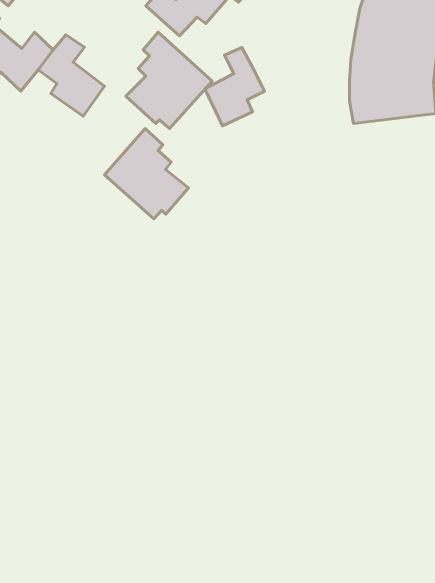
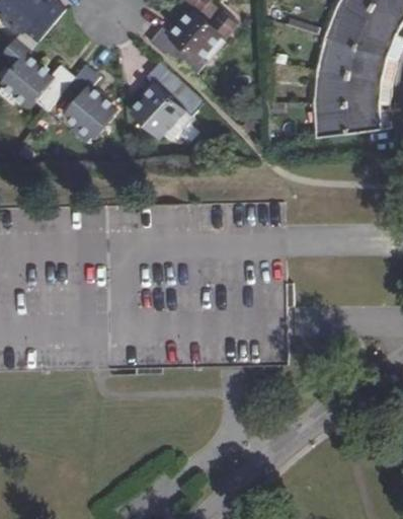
building: [205,48,265,126] -> none
building: [105,128,188,219] -> none

